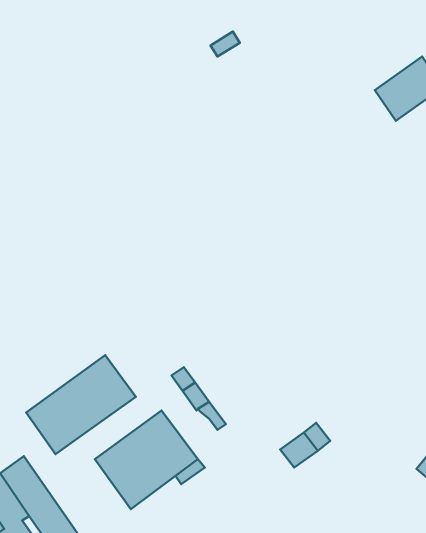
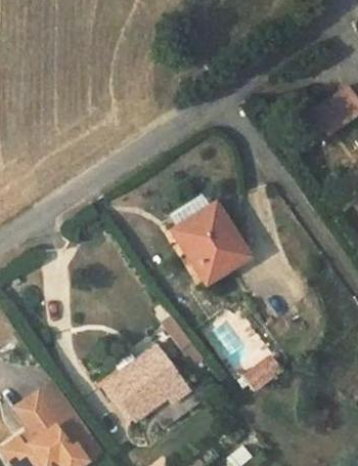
building: none -> [173,203,249,281]
building: [26,355,136,454] -> none

